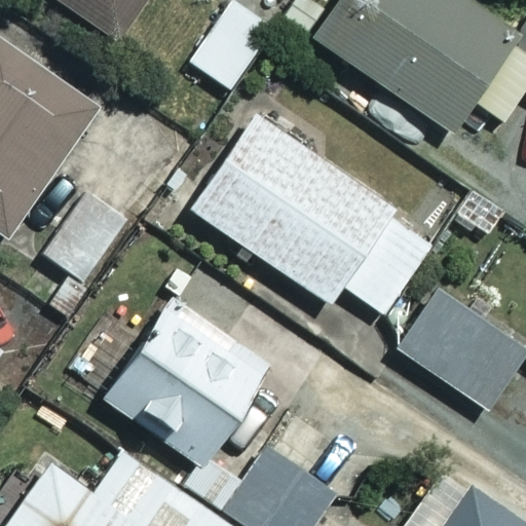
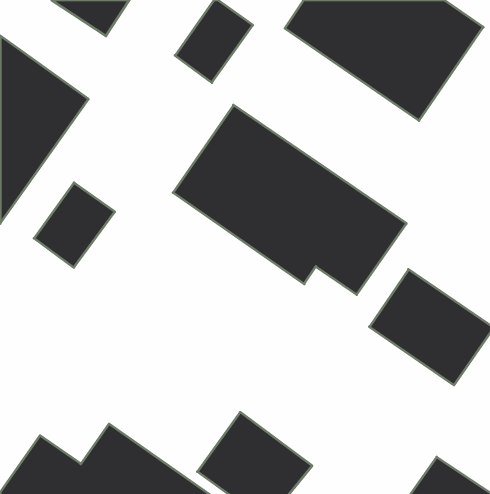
building: [100,301,262,461] -> none

